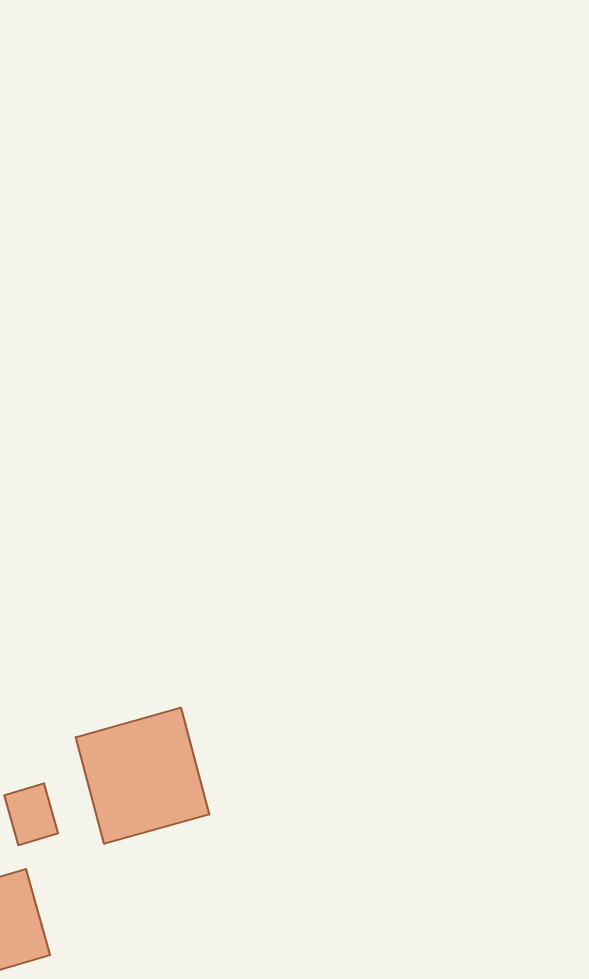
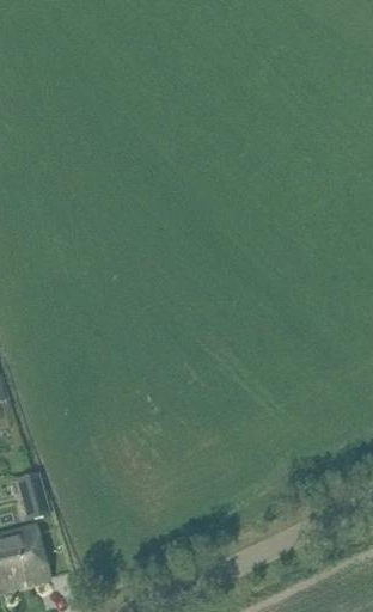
building: [76,708,209,844] -> none

